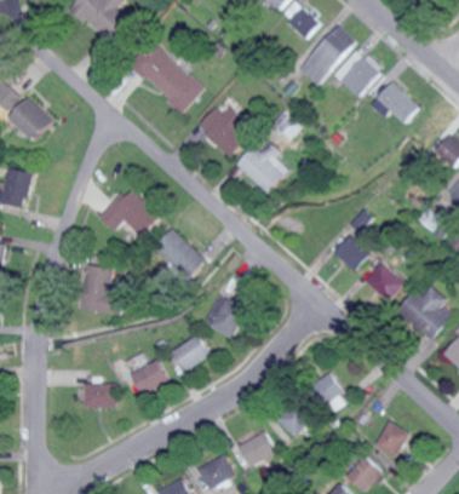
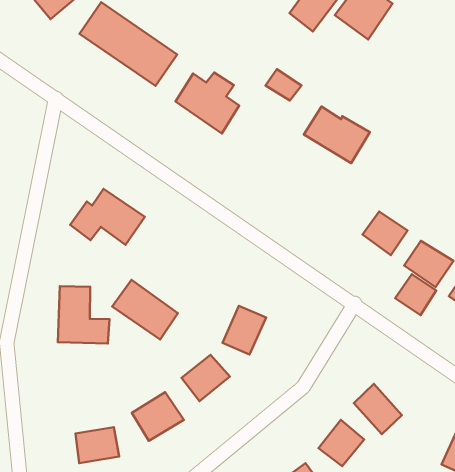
building: [369,82,418,123] -> none
building: [235,144,288,193] -> [304,107,370,163]
building: [154,228,206,278] -> [112,280,178,340]
building: none -> [395,274,436,315]

